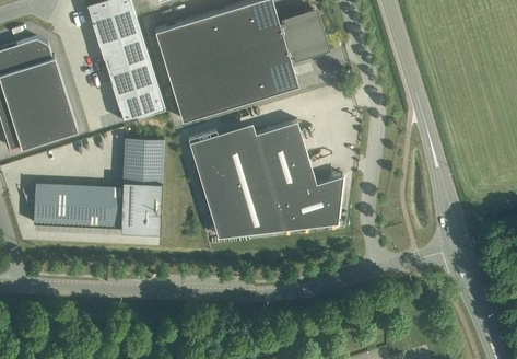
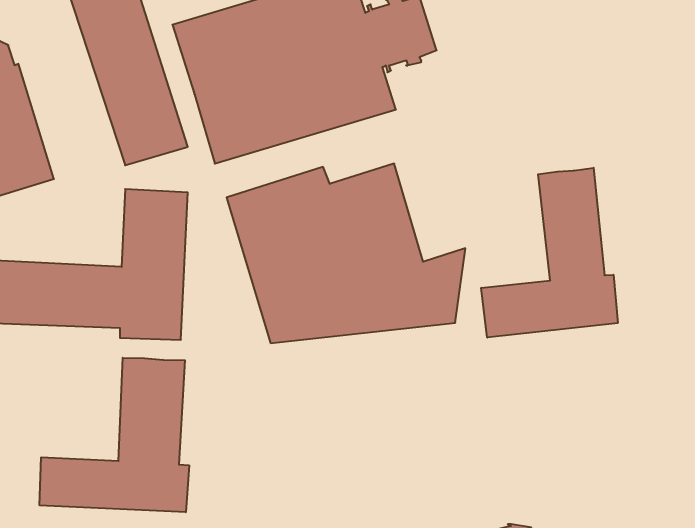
building: none -> [481,168,618,338]
building: none -> [40,358,189,512]

